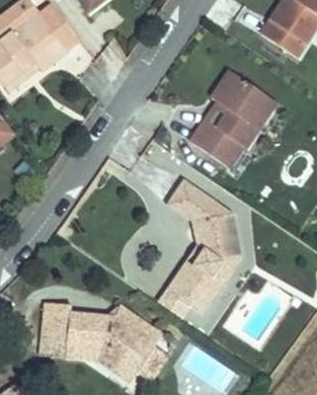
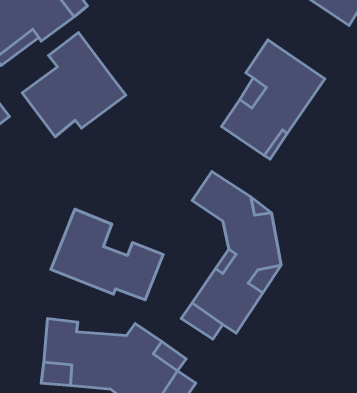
building: none -> [22,32,126,137]
building: none -> [51,209,163,300]

